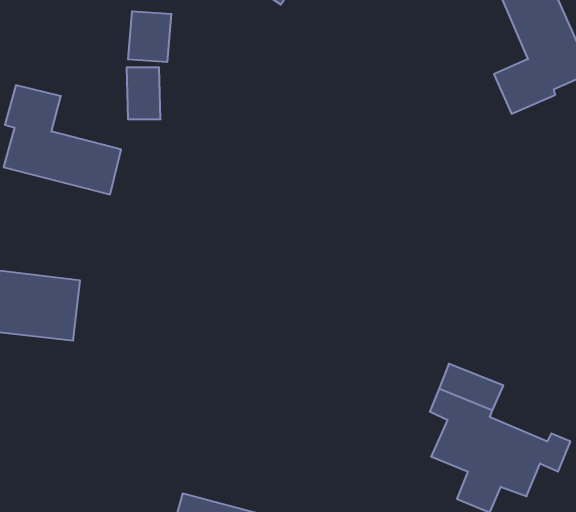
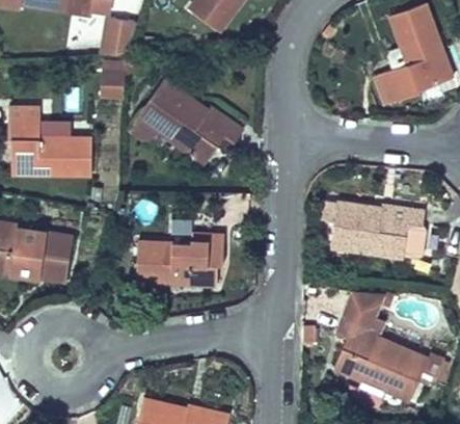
building: none -> [138,81,244,164]
building: none -> [326,202,422,260]
building: none -> [143,240,232,294]

